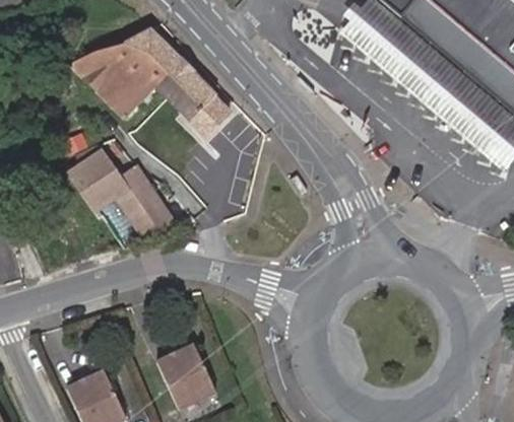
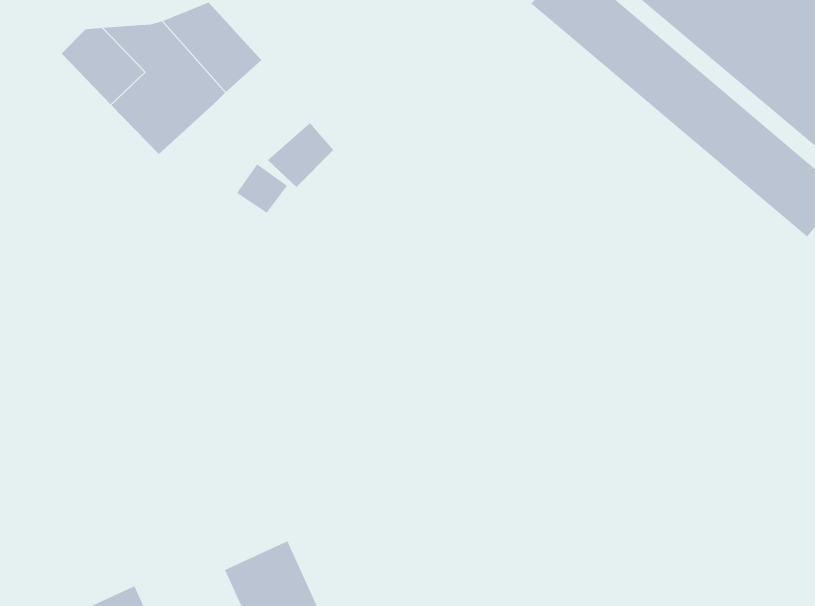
building: [154,62,213,121] -> none
building: [73,151,173,241] -> none

